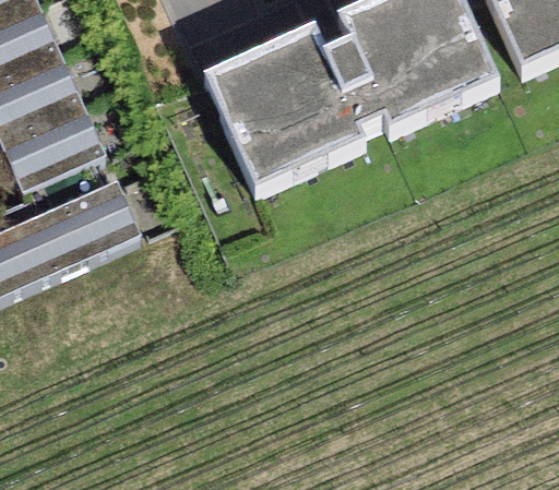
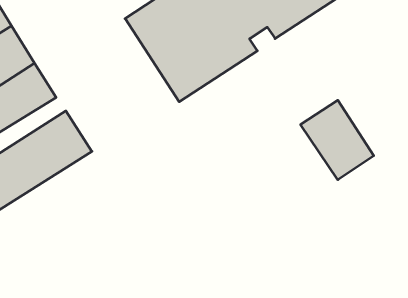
building: none -> [301,100,374,180]

